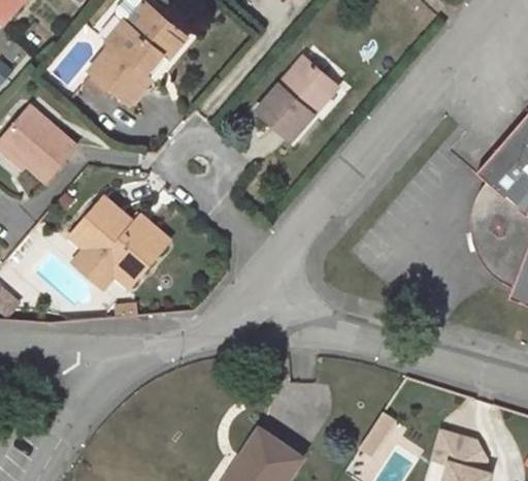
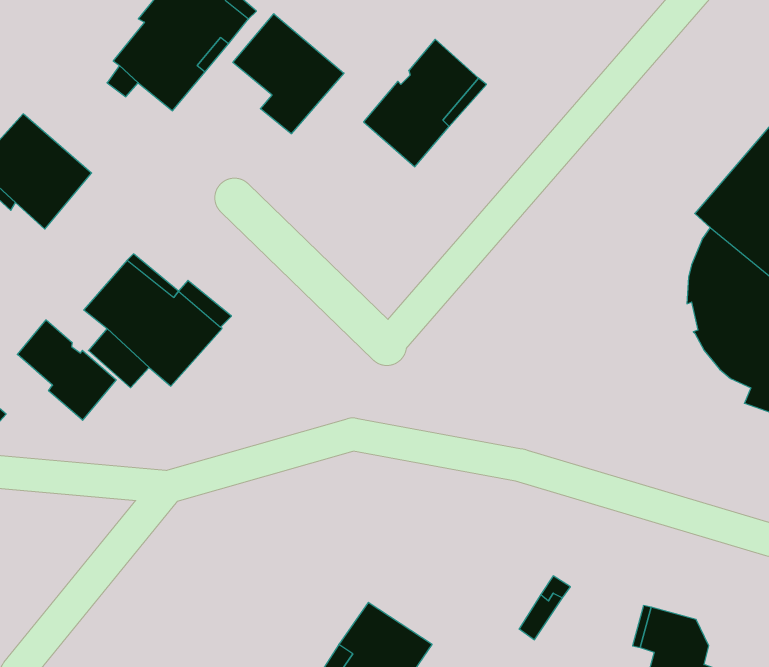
building: none -> [233,14,344,134]
building: none -> [17,320,116,420]

